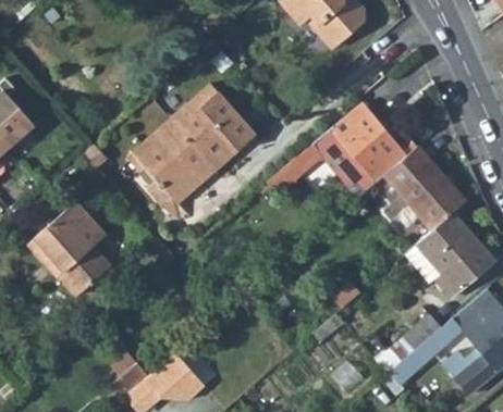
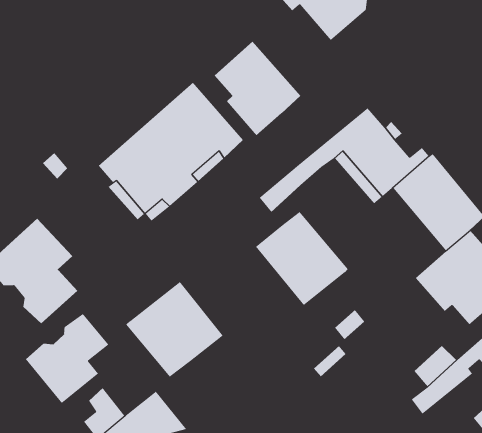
building: none -> [214,41,301,136]
building: none -> [255,211,349,306]
building: none -> [126,281,223,378]
building: none -> [25,313,109,404]

